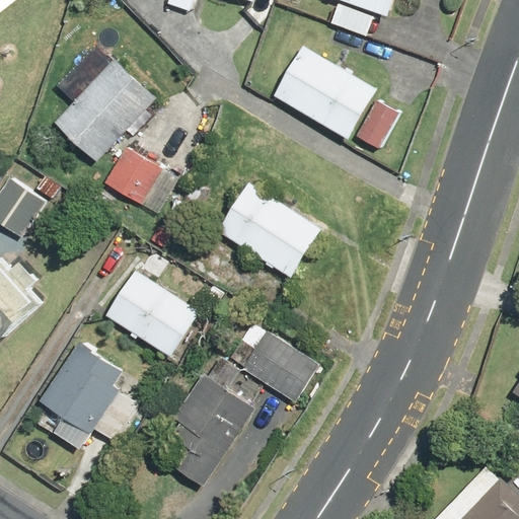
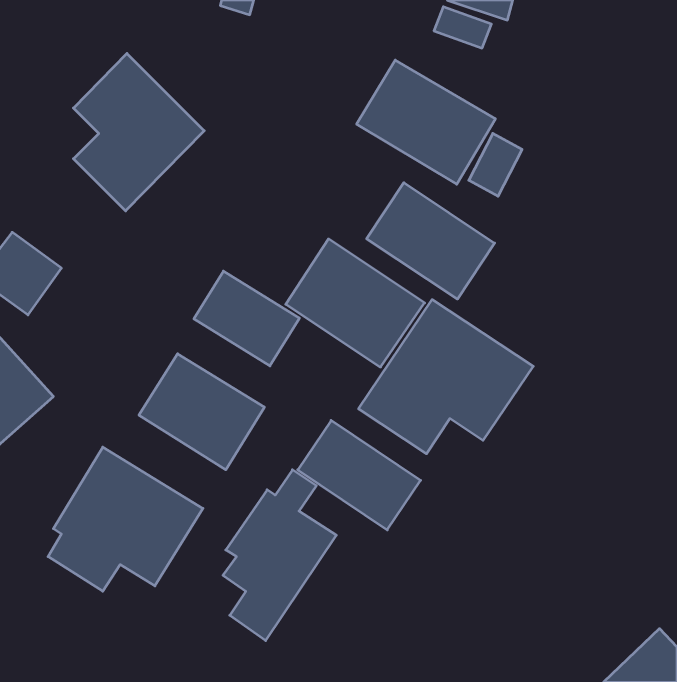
building: none -> [367,183,495,299]
building: [102,146,161,204] -> none
building: none -> [194,271,299,366]
building: none -> [359,300,533,454]

